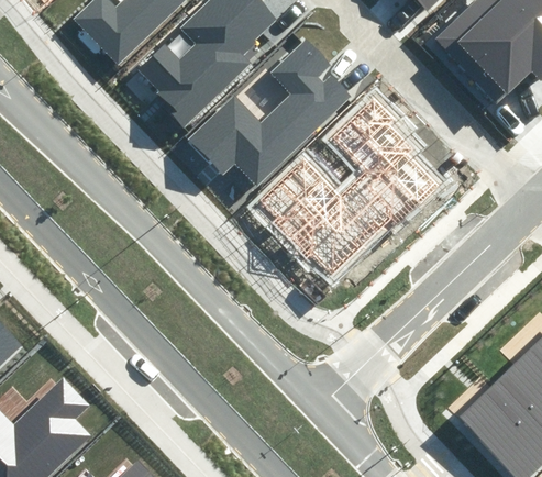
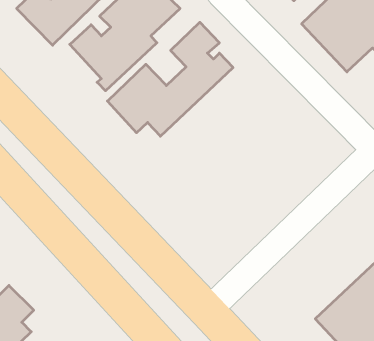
building: [253,96,442,288] -> none

